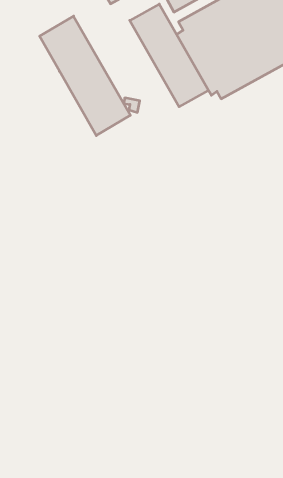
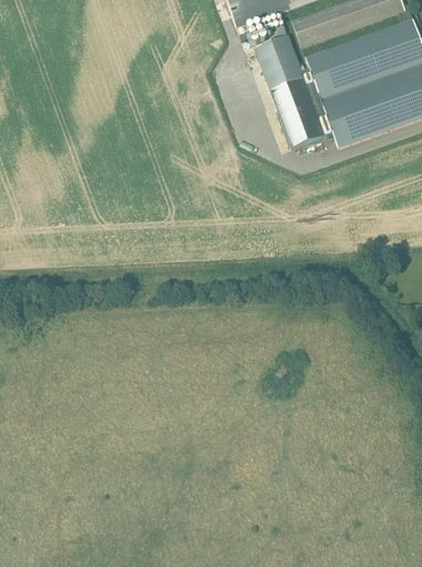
building: [40,16,130,136] -> none

